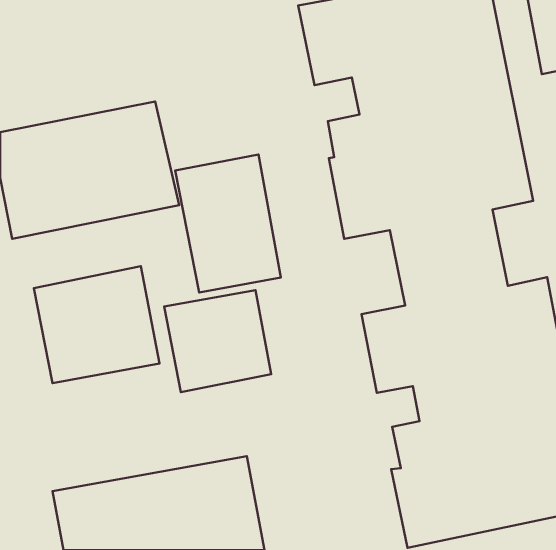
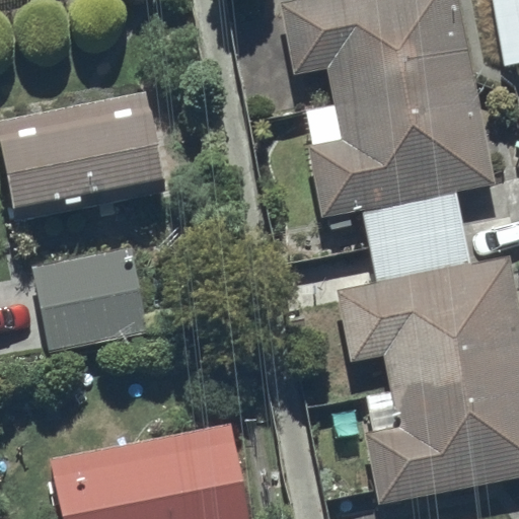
building: [175,155,281,293] -> none
building: [164,290,271,392] -> none

